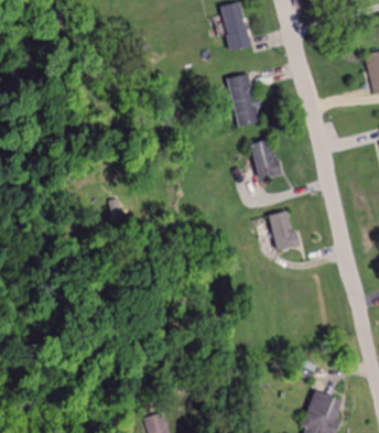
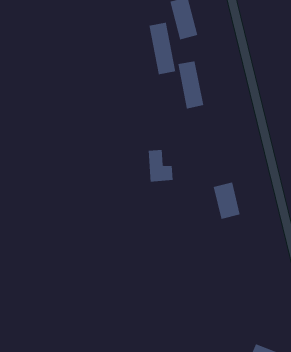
building: none -> [149,22,176,75]
building: [252,141,281,177] -> [148,150,173,182]

